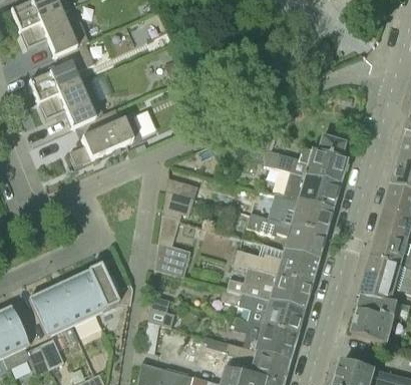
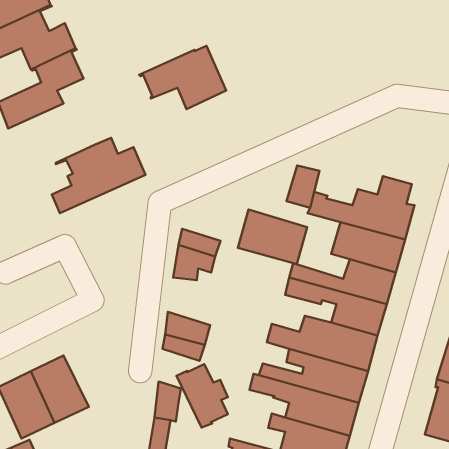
building: [36,79,102,127] -> [139,46,226,109]
building: none -> [238,209,307,264]
building: [78,265,117,313] -> [177,364,228,427]

